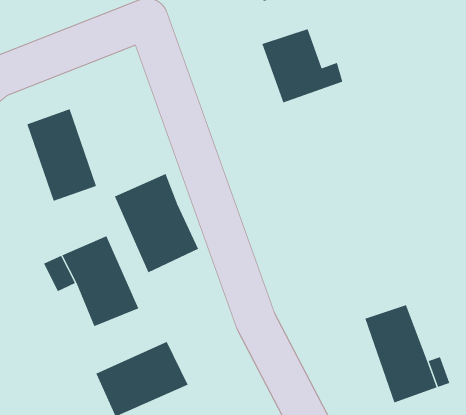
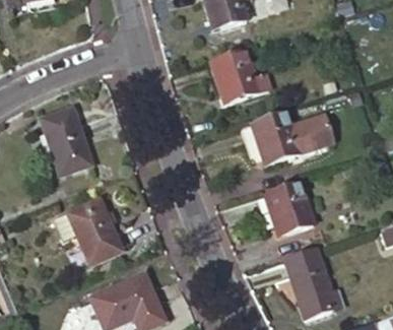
building: none -> [251,110,334,163]
building: [114,173,199,273] -> none
building: none -> [264,181,314,235]

